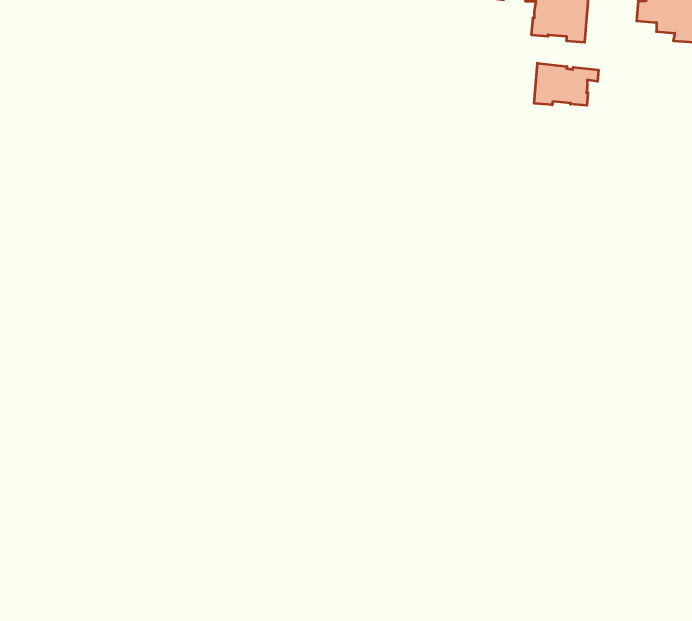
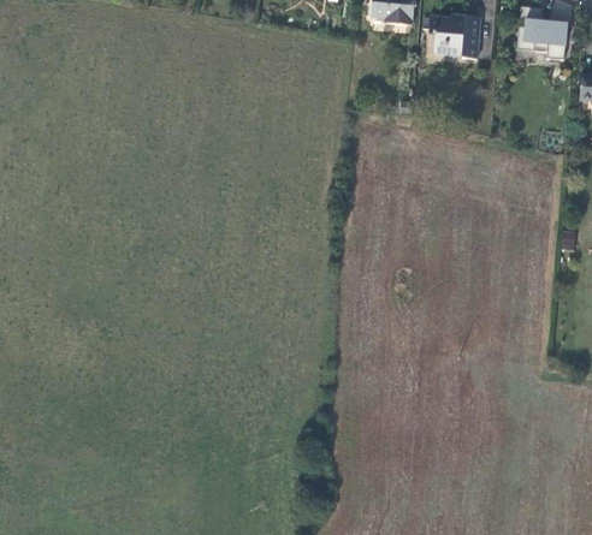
building: [534,63,598,105] -> none

